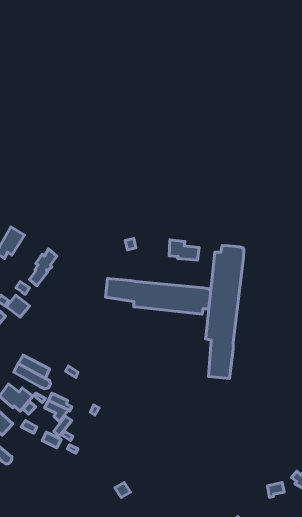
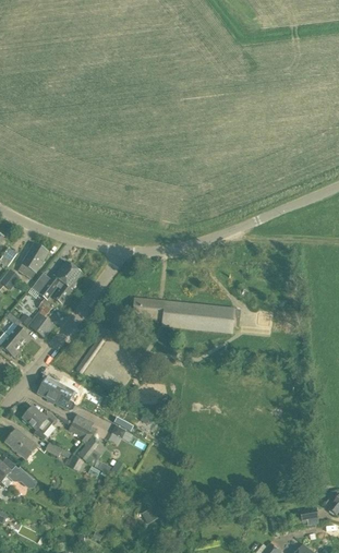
building: [169,240,199,260] -> none
building: none -> [27,261,72,299]
building: [206,246,244,379] -> none

